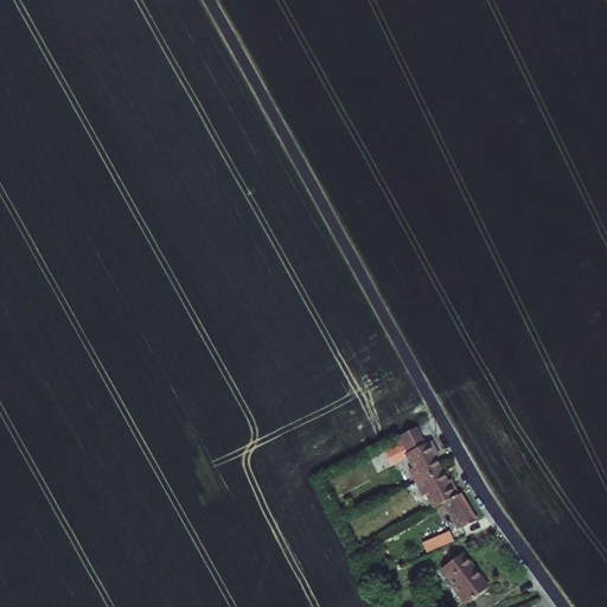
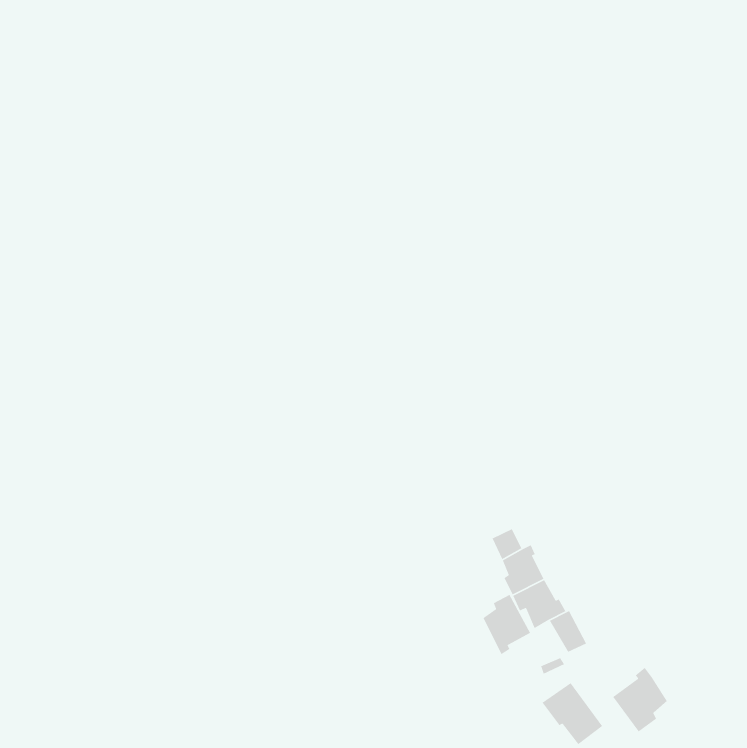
building: none -> [482,594,531,655]
building: none -> [612,667,668,733]

